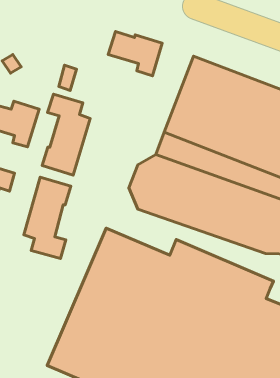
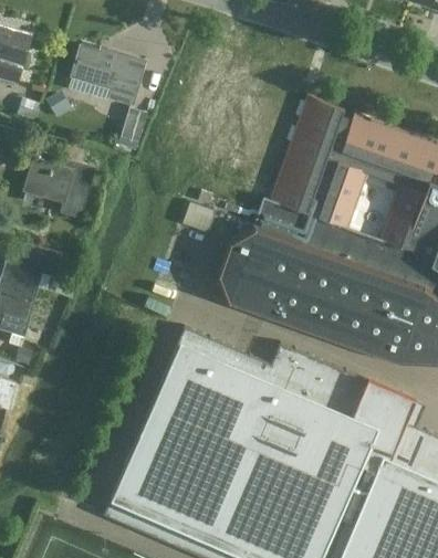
building: [108,32,162,76] -> [71,46,144,106]
building: [42,94,90,175] -> none
building: [24,177,71,259] -> none

